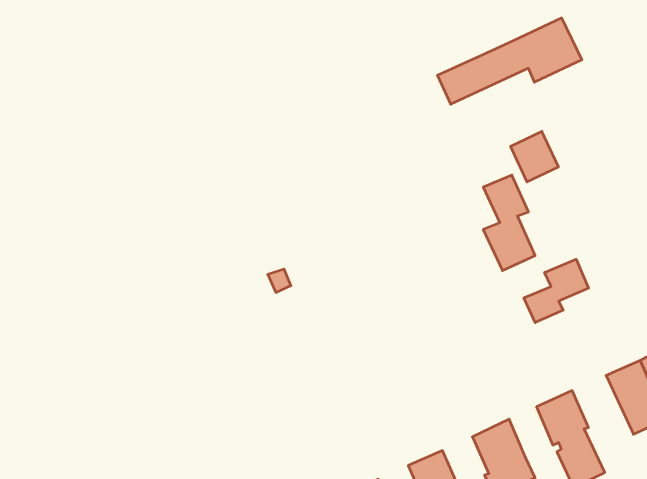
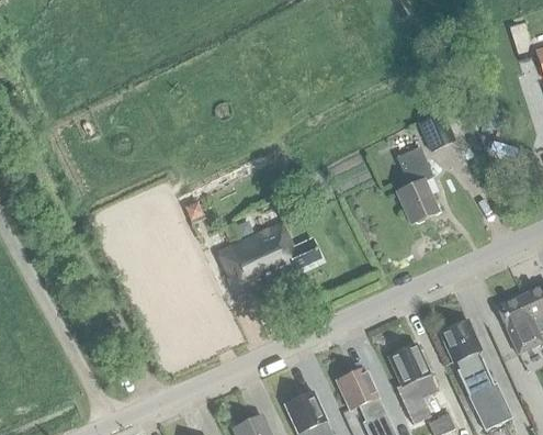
building: [438,18,582,104] -> none
building: [524,259,589,323] -> none
building: none -> [218,221,324,301]

